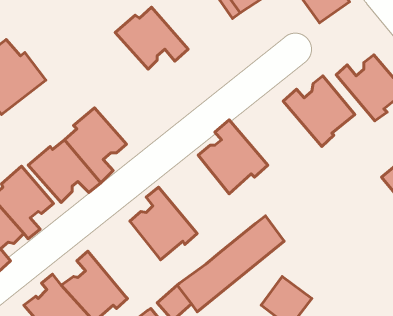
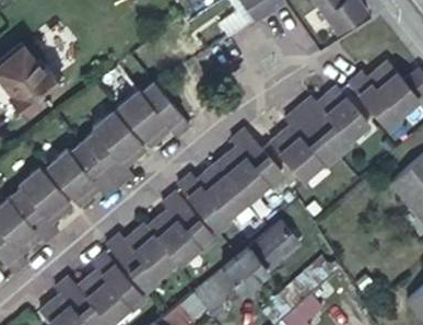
building: [115,7,188,69] -> [115,84,187,146]
building: none -> [270,107,336,176]
building: none -> [175,161,244,231]
building: none -> [105,223,173,291]

